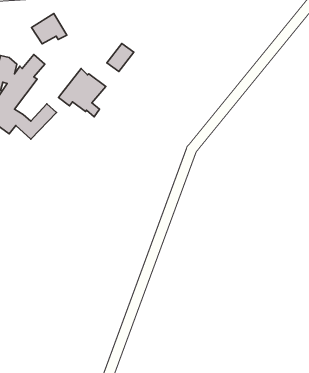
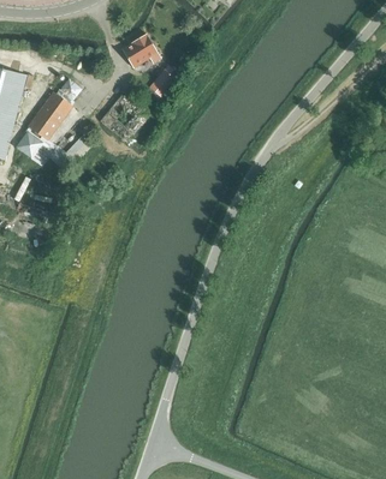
building: [31,14,67,44] -> [123,34,162,67]

